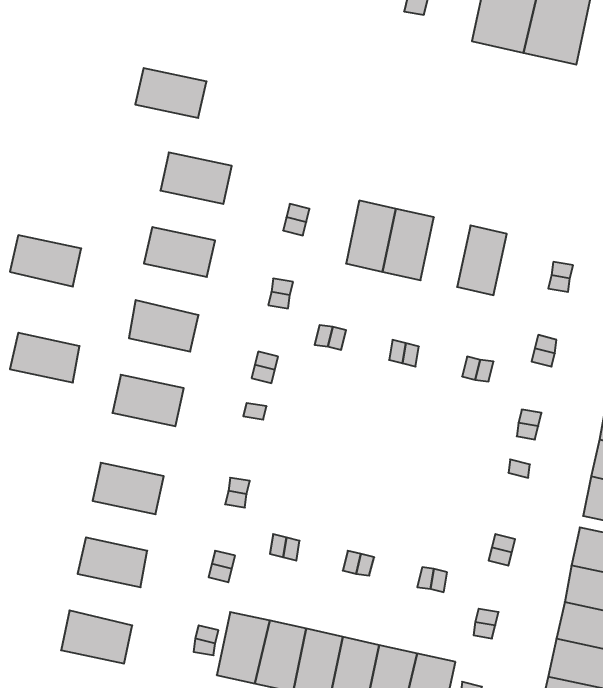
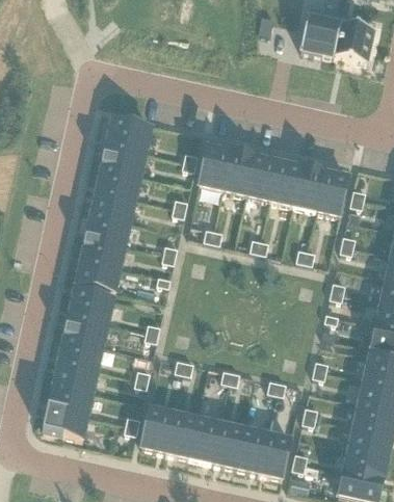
building: [135,68,207,118] -> [100,143,145,175]
building: none -> [198,144,230,189]
building: none -> [268,160,299,204]
building: none -> [314,170,346,214]
building: [10,235,81,287] -> [89,189,134,221]
building: [10,333,80,383] -> [80,236,124,267]
building: none -> [68,290,112,322]
building: none -> [58,338,102,369]
building: none -> [48,384,93,416]

